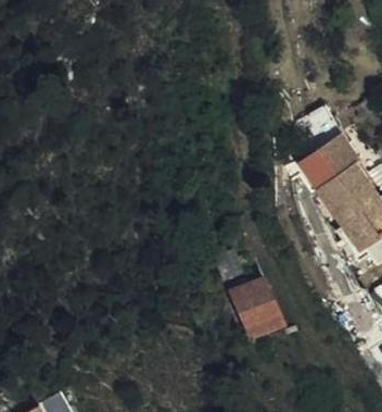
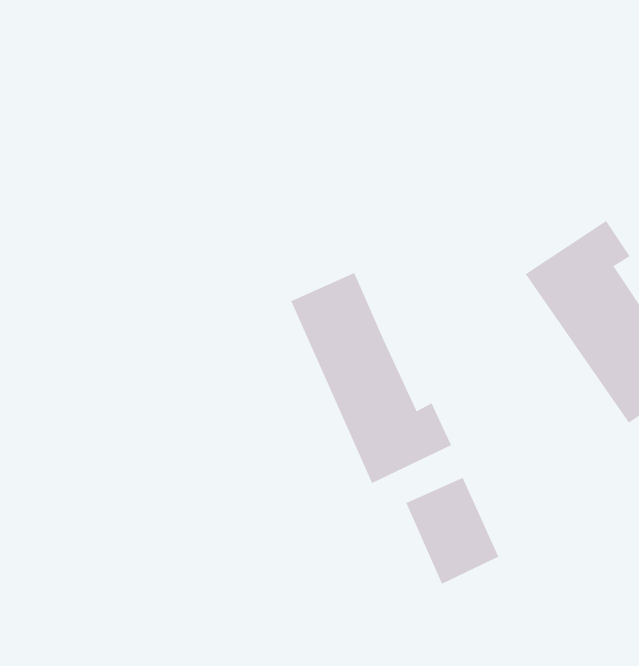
building: none -> [290,272,452,484]

